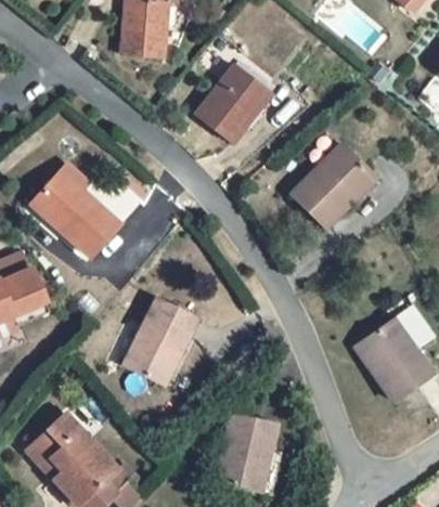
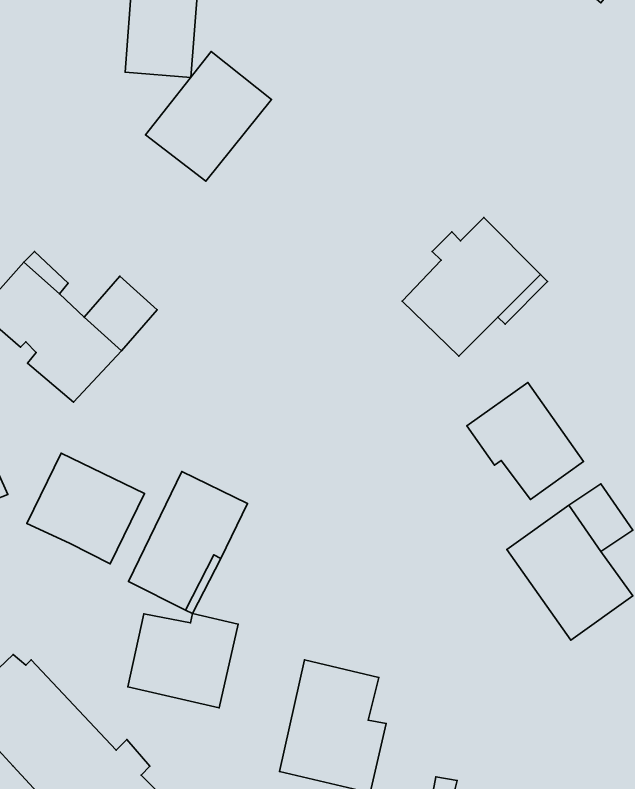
building: [194,64,271,143] -> [145,52,271,181]
building: none -> [467,383,583,499]
building: none -> [27,453,145,564]
building: none -> [128,614,238,708]

